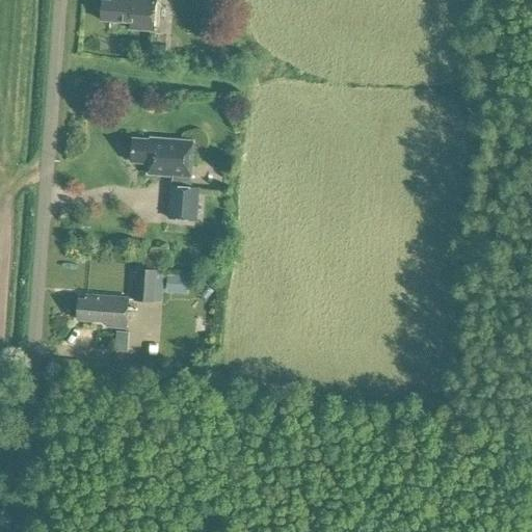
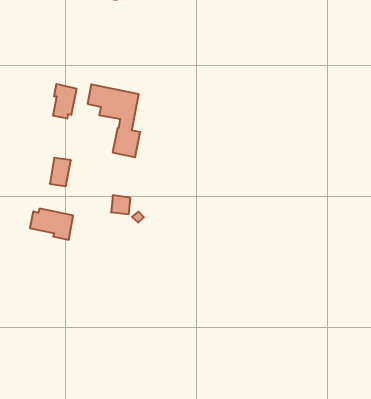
building: none -> [53,84,77,119]
building: [133,269,156,302] -> [50,158,71,186]

